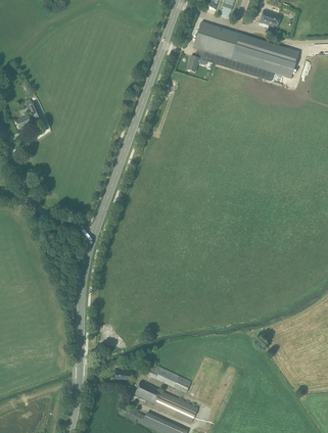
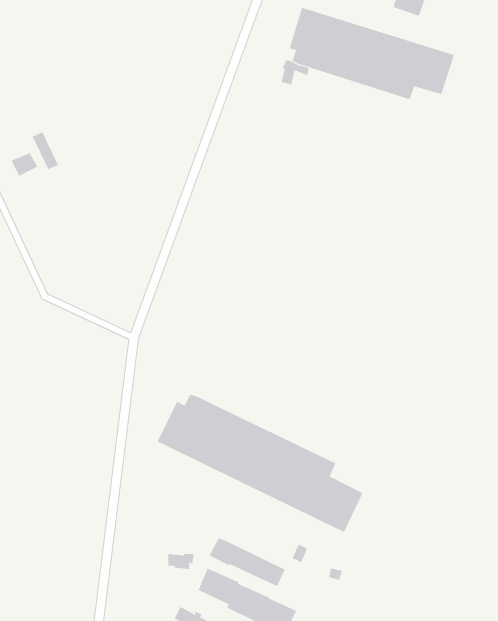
building: none -> [157,394,363,533]

